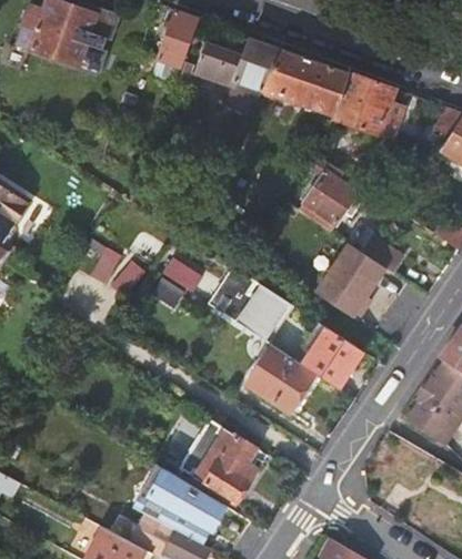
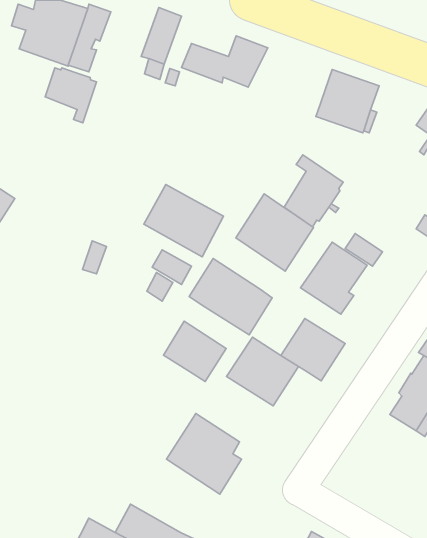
building: [264,50,350,114] -> none
building: none -> [45,68,97,123]
building: none -> [144,184,223,257]
building: none -> [236,194,314,271]
building: none -> [163,321,226,382]
building: [133,465,228,542] -> none

